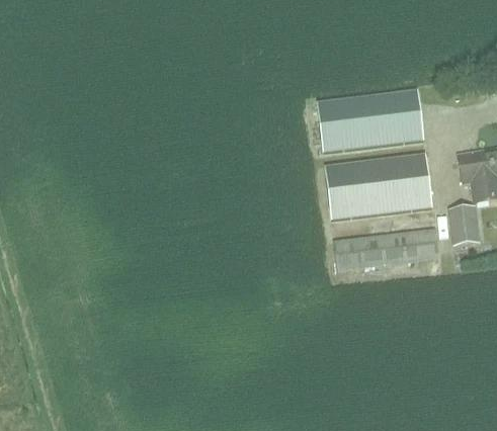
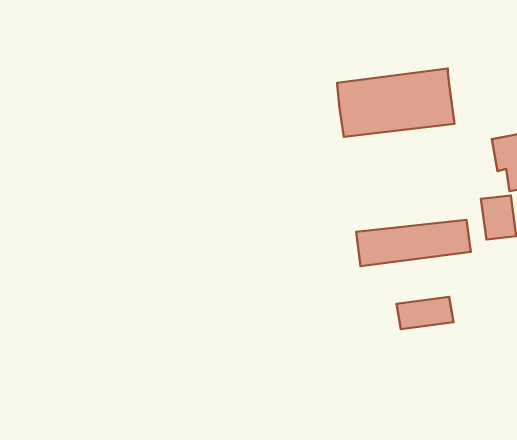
building: [324,155,432,222] -> none
building: none -> [397,297,453,329]

